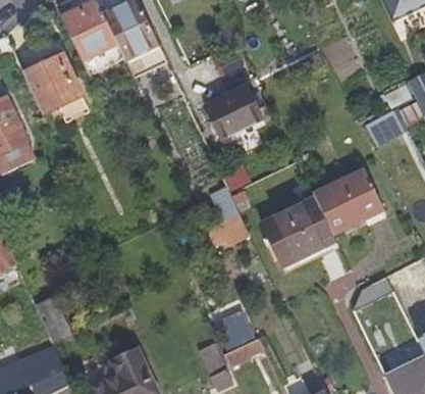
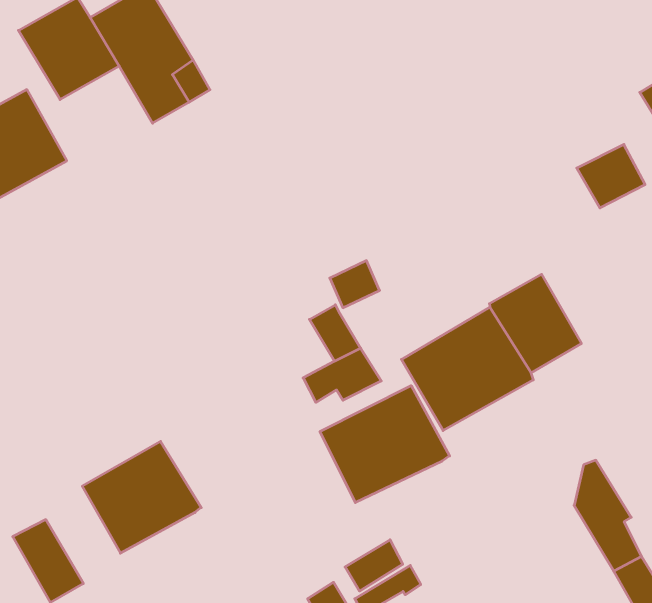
building: [205,87,261,138] -> none
building: [344,168,386,220] -> none
building: none -> [320,386,450,503]
building: none -> [82,441,201,553]

